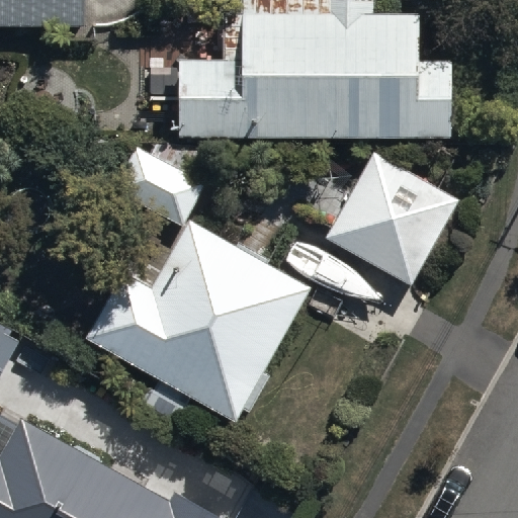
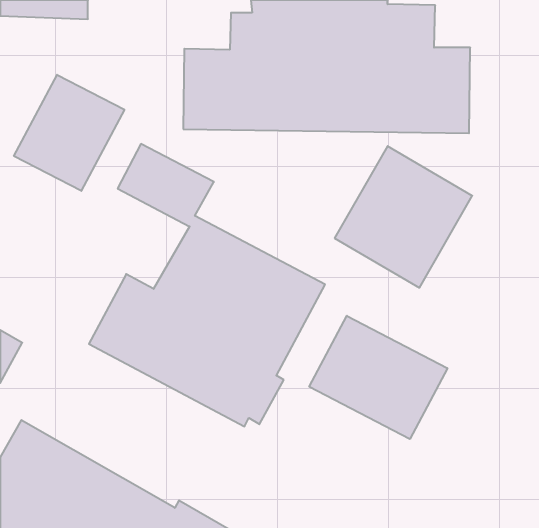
building: none -> [14,75,124,191]
building: none -> [309,316,447,439]

